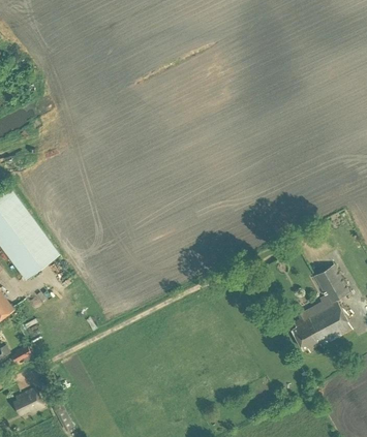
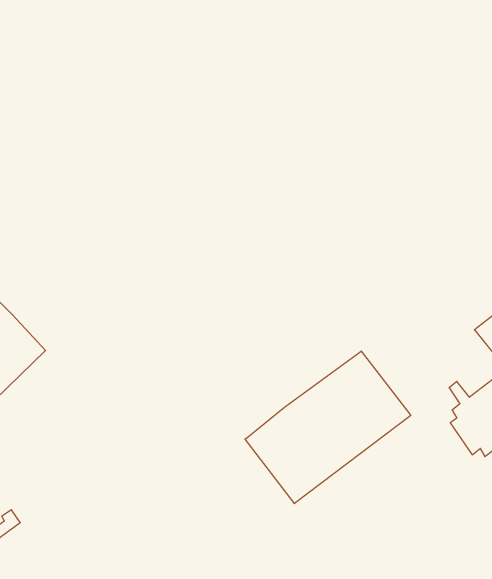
building: none -> [245,351,411,504]

